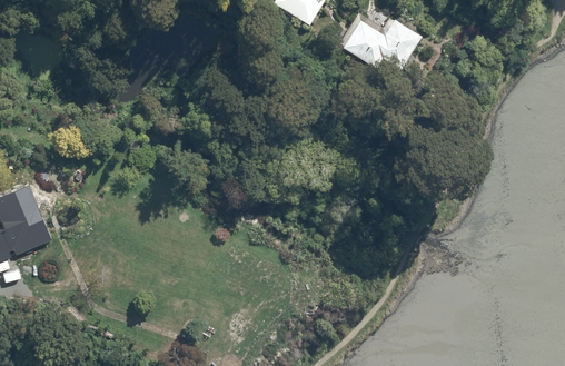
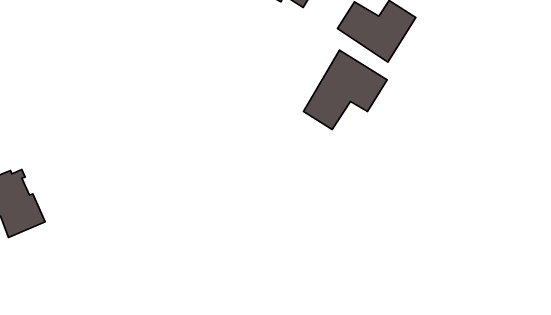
building: none -> [304,50,387,129]

